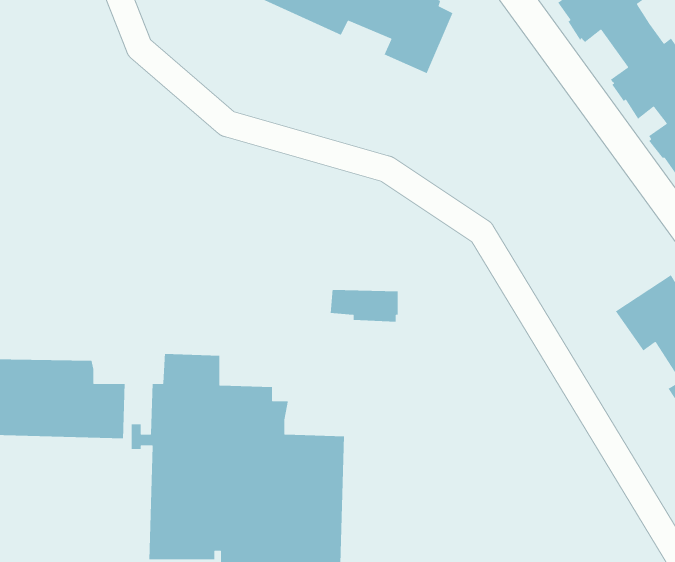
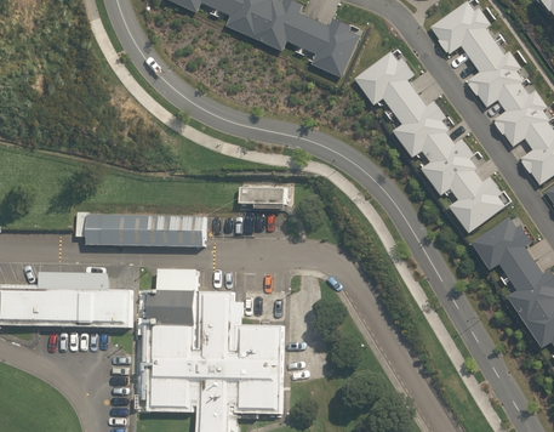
building: none -> [353,50,506,232]
building: none -> [87,215,205,248]
building: [330,289,398,322] -> [239,187,286,210]

